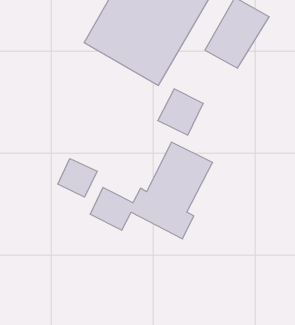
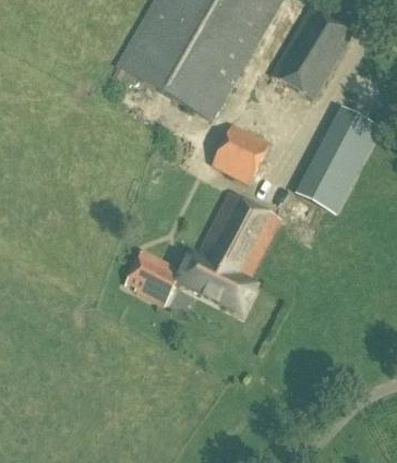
building: none -> [296,108,381,215]
building: [58,159,97,197] -> none

